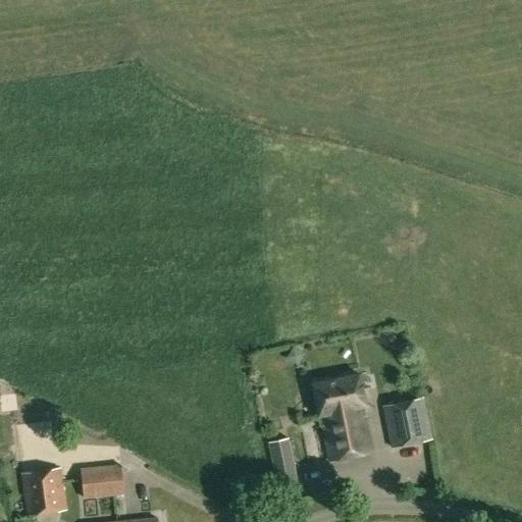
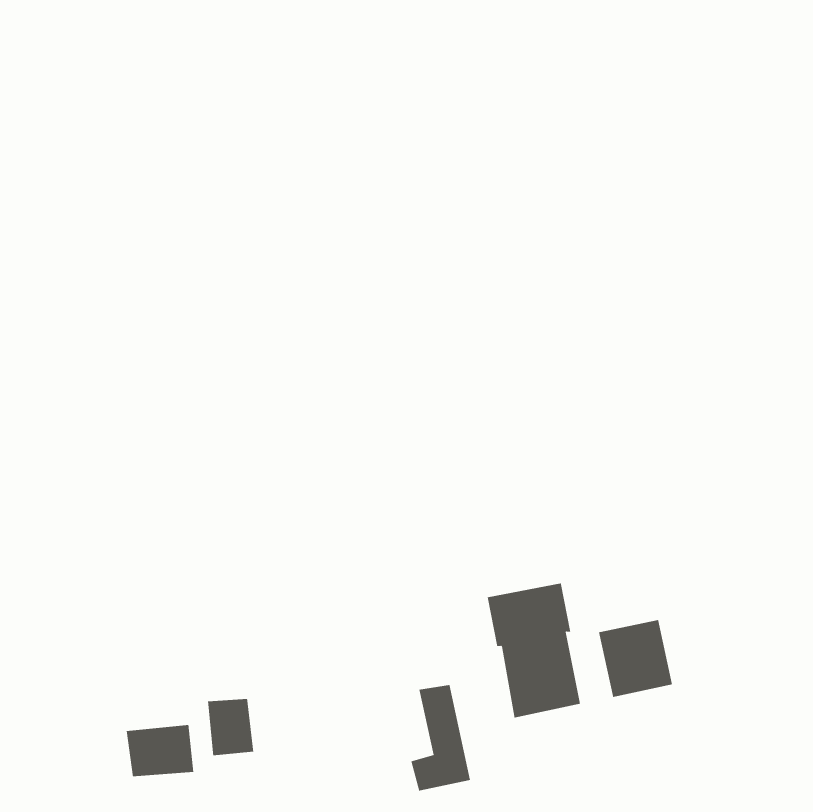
building: none -> [207,698,254,756]
building: [21,467,66,515] -> none

